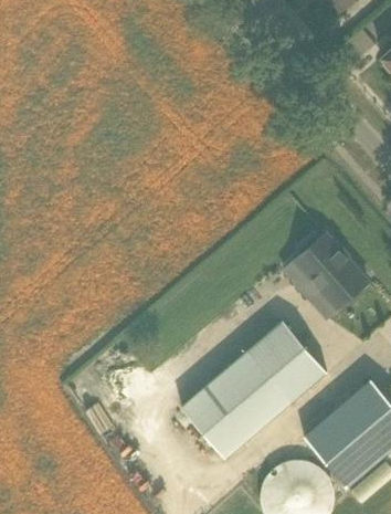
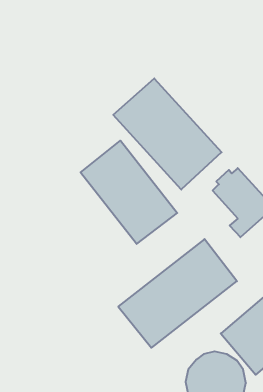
building: none -> [113,78,222,190]
building: none -> [81,141,177,244]

